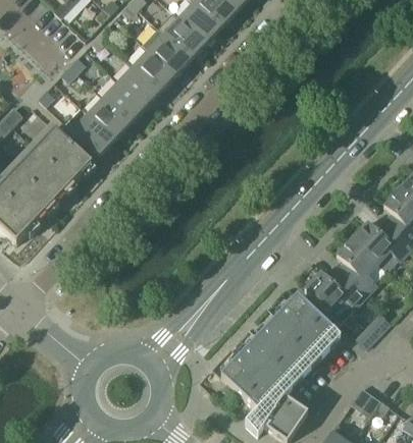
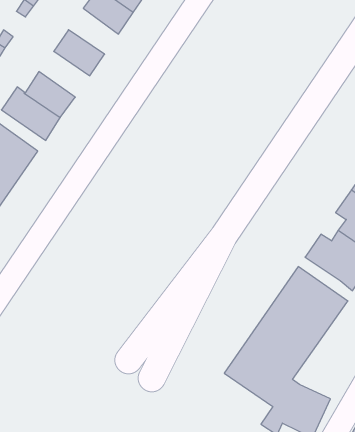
building: [134,47,175,89] -> none
building: [103,79,146,121] -> none

